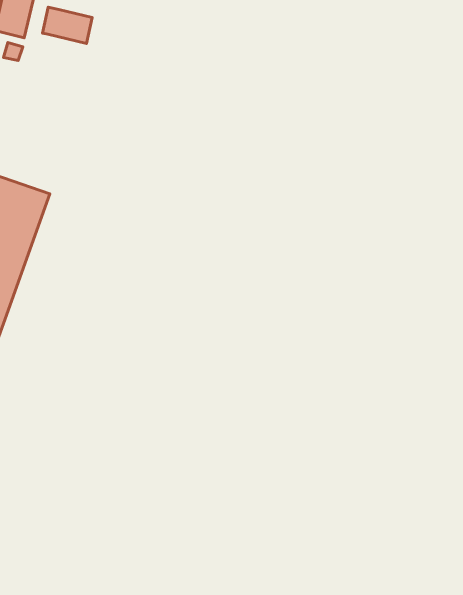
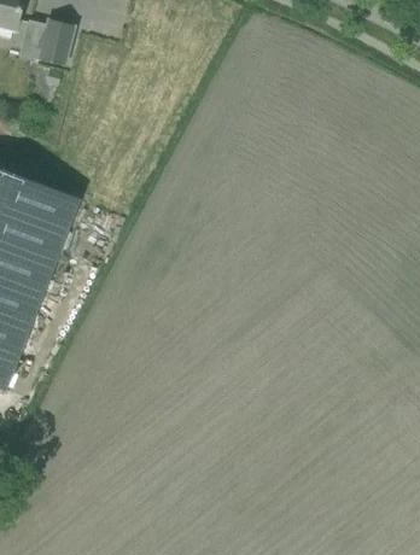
building: [43,7,92,44] -> none

